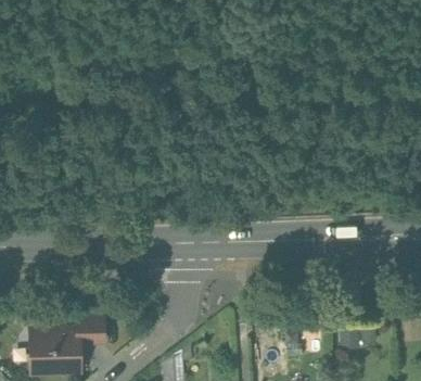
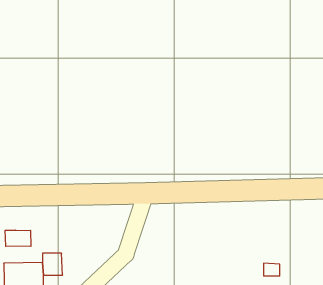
building: none -> [5,230,31,246]

